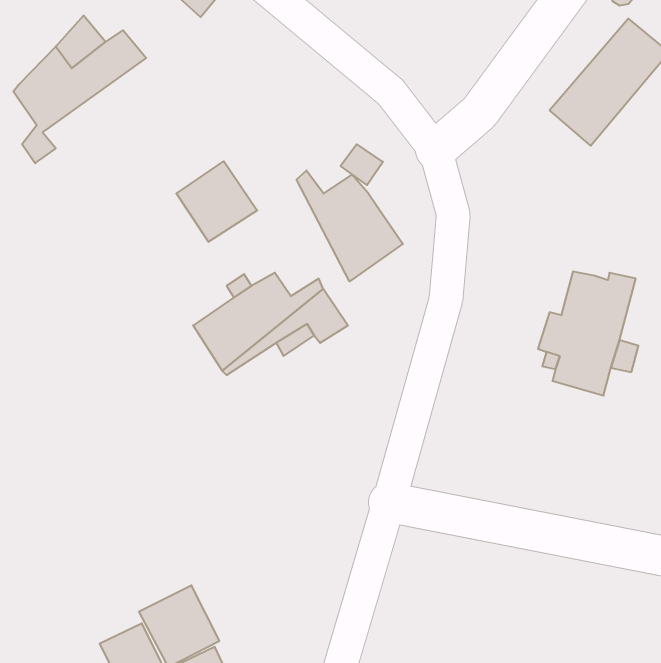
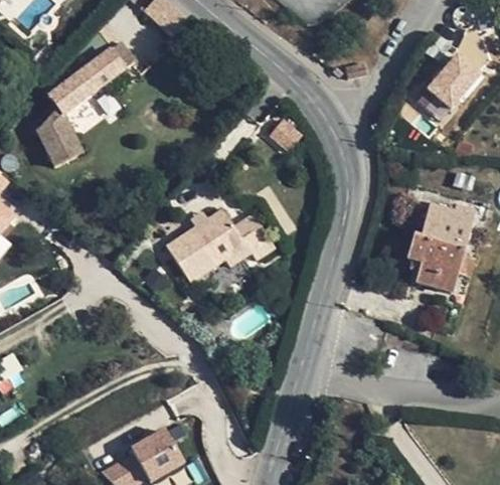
building: none -> [40,122,91,168]
building: [176,161,257,242] -> none
building: [297,170,403,281] -> none

